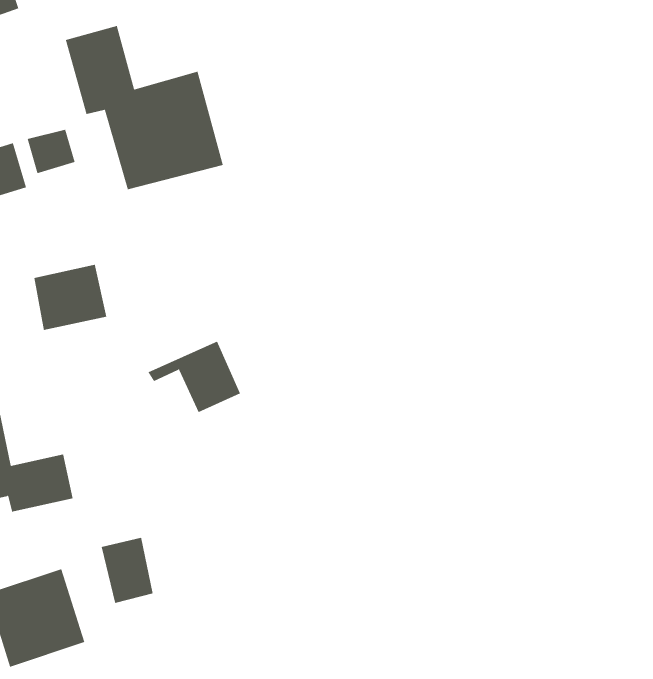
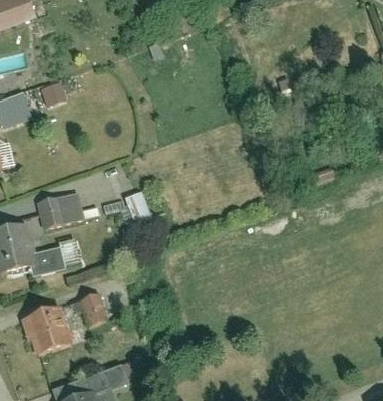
building: [65,25,223,190] -> none
building: [33,264,107,330] -> [46,189,84,223]

